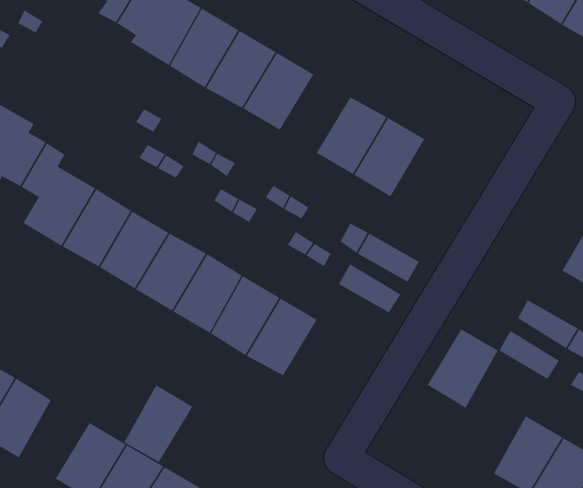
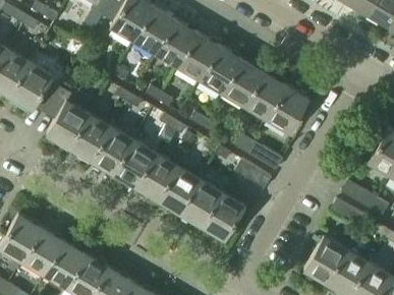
building: none -> [200,46,241,93]
building: none -> [266,84,308,132]
building: none -> [202,192,244,240]
building: [427,328,498,409] -> [303,236,346,284]
building: [123,385,193,463] -> [44,240,86,287]

